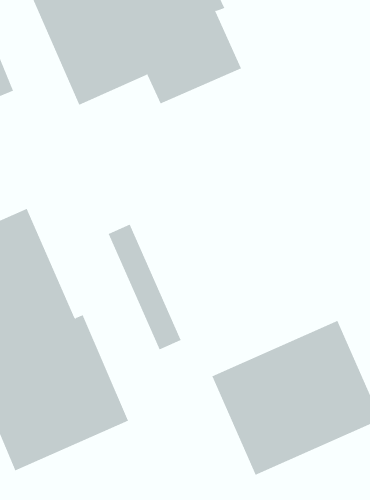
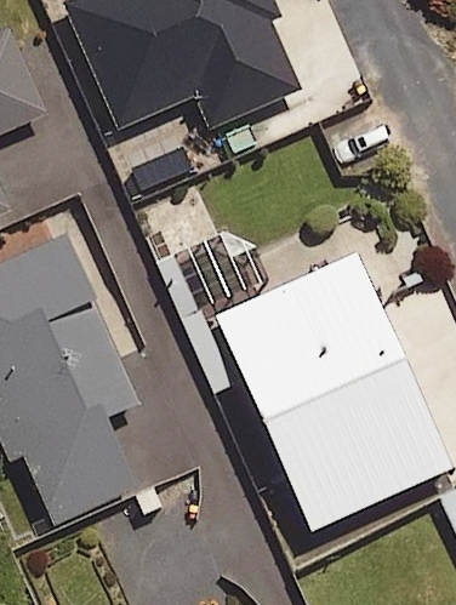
building: none -> [217,255,401,421]

